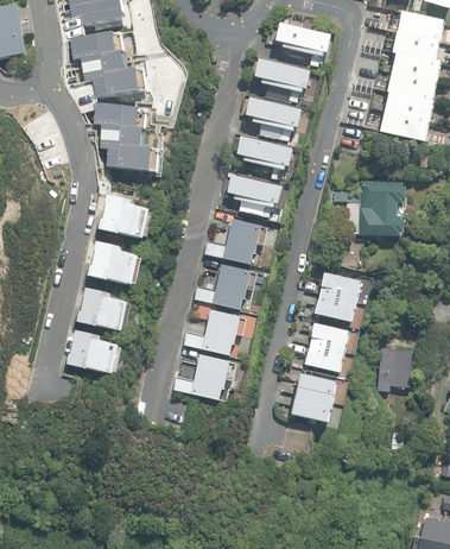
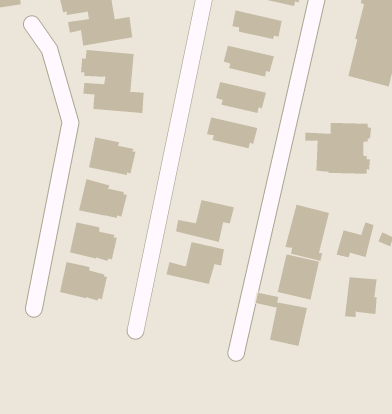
building: [203,219,267,265] -> none
building: none -> [336,221,374,258]
building: [172,354,236,400] -> none

